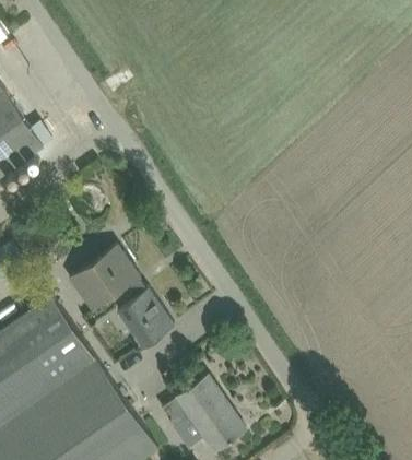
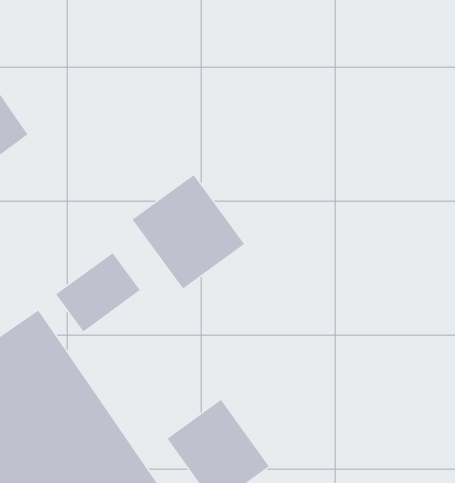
building: none -> [131,174,245,290]
building: [115,287,173,347] -> none

